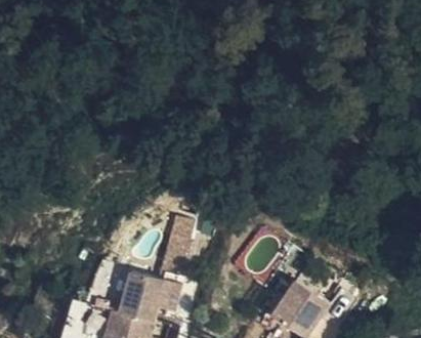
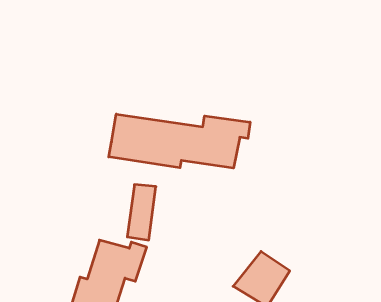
building: none -> [109,114,250,168]

